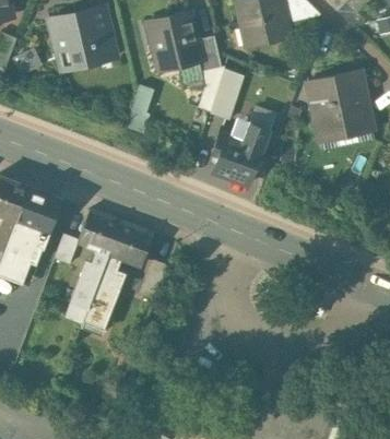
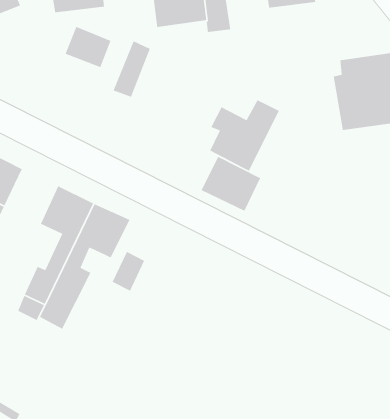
building: [209,69,243,120] -> none
building: none -> [65,26,112,68]
building: none -> [201,156,261,212]

